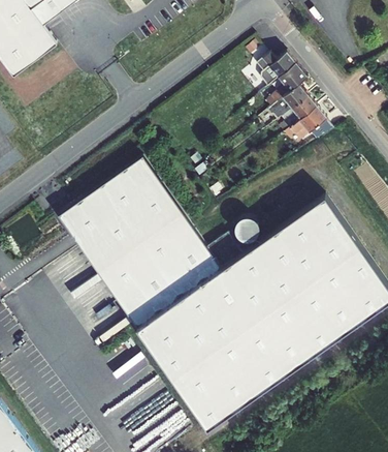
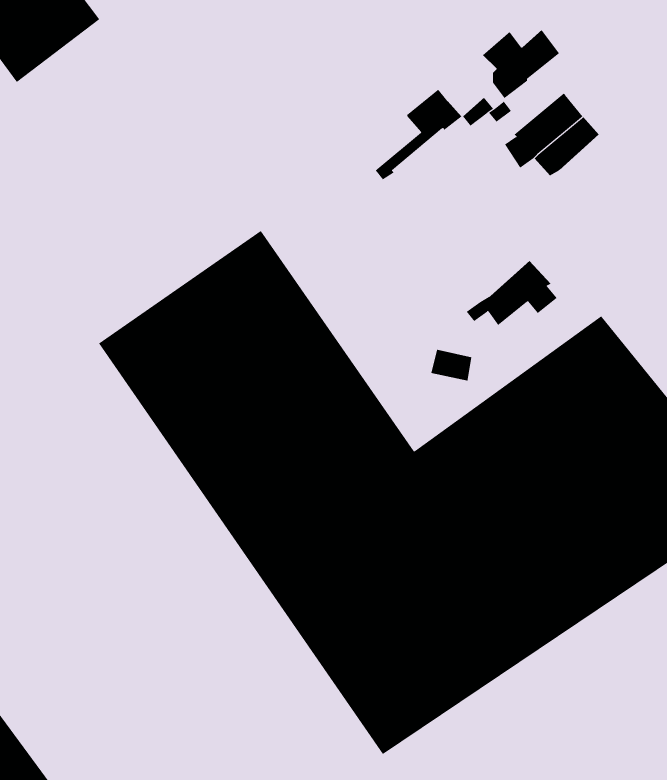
building: [263,63,309,111] -> [375,89,462,180]
building: [284,106,331,140] -> [466,260,557,326]

